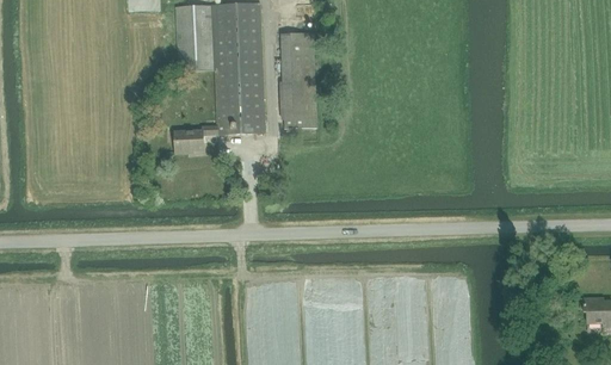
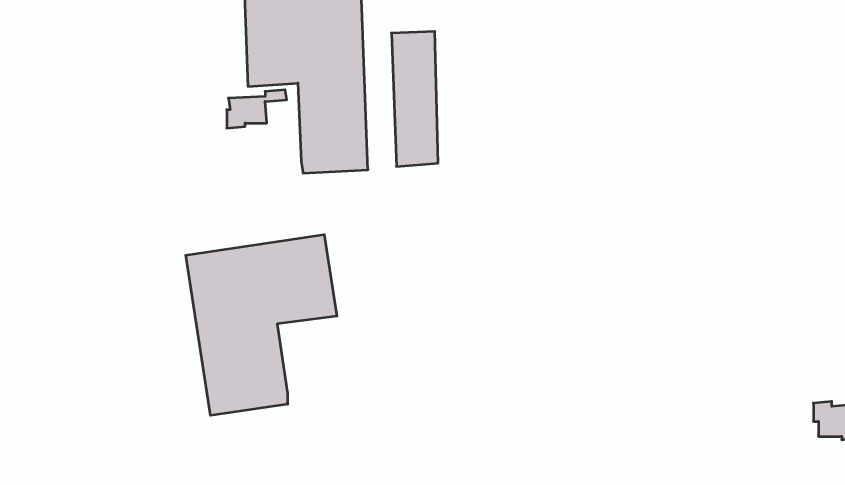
building: [175,125,218,153] -> [227,90,287,128]
building: none -> [186,235,337,415]

